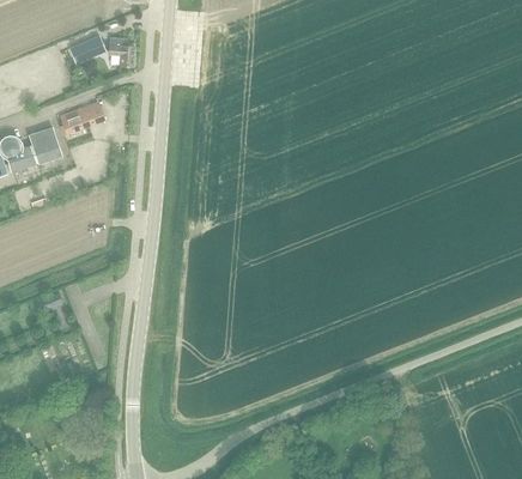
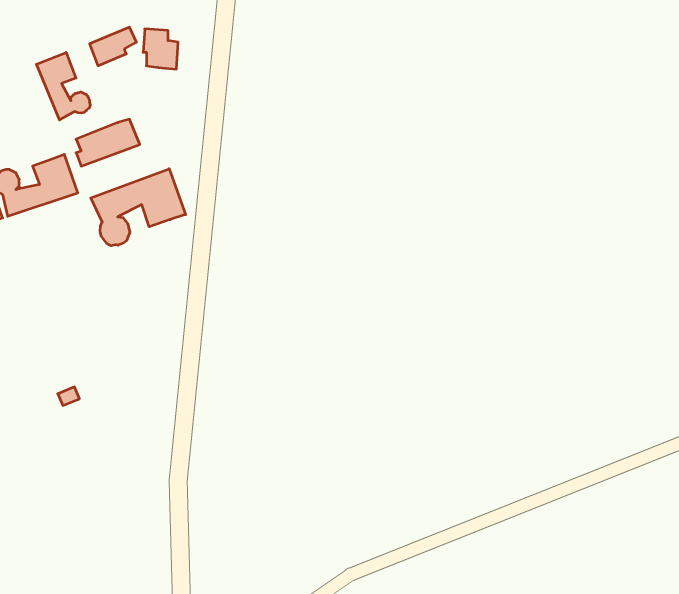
building: none -> [36,52,90,120]
building: none -> [91,169,186,246]

